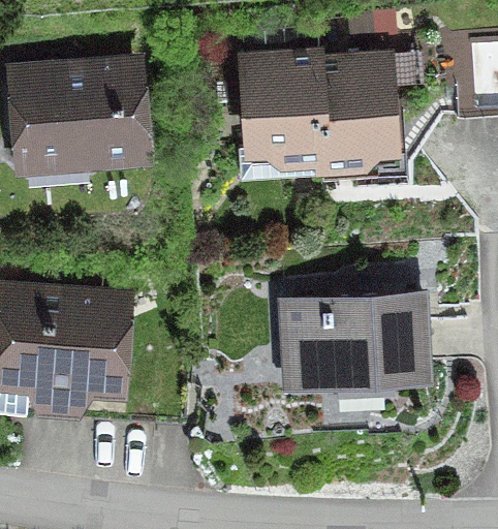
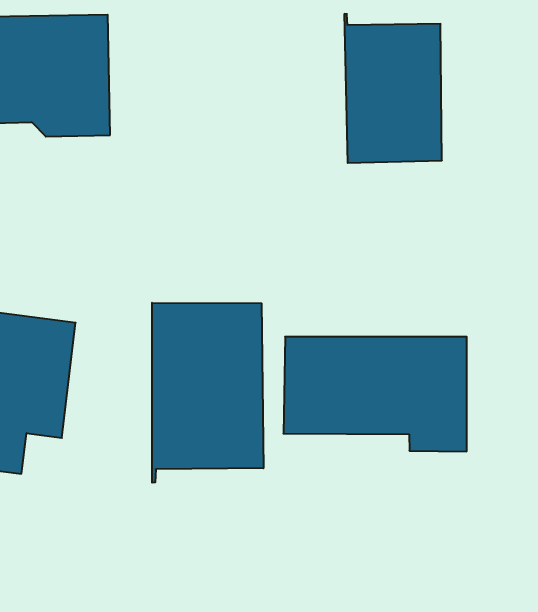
building: [243,53,322,165] -> none
building: none -> [152,303,263,483]

